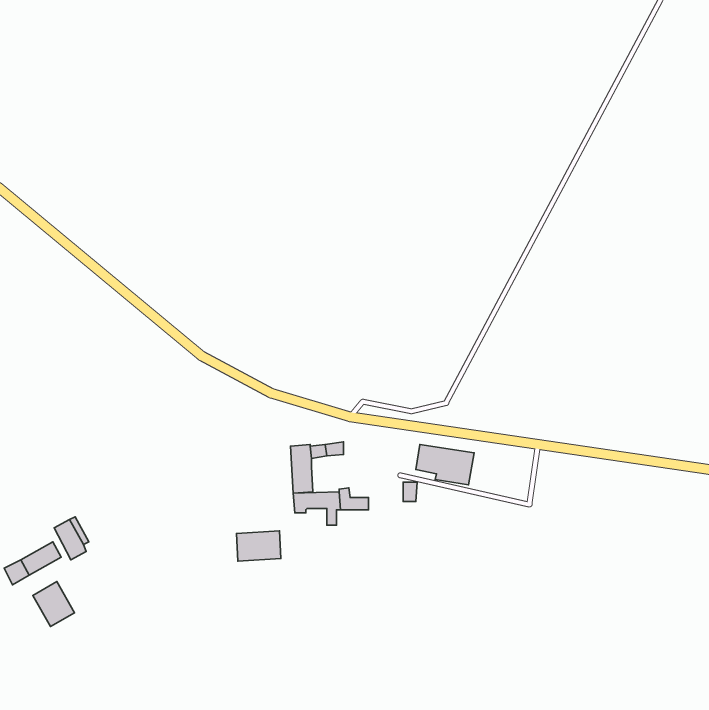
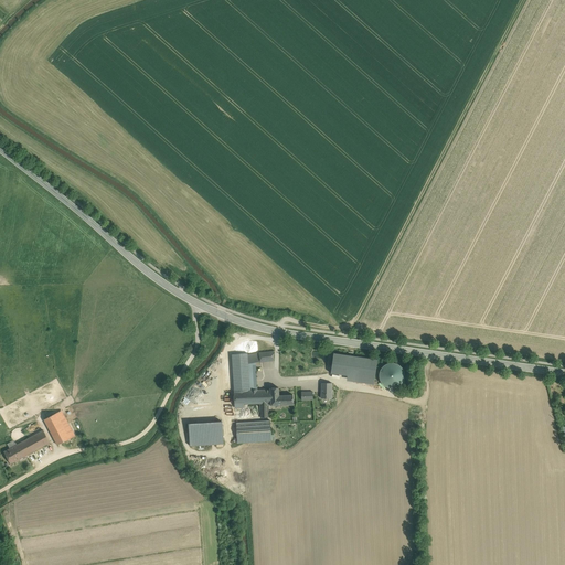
building: none -> [375,362,402,387]
building: none -> [235,420,270,443]
building: [33,582,74,627] -> none

